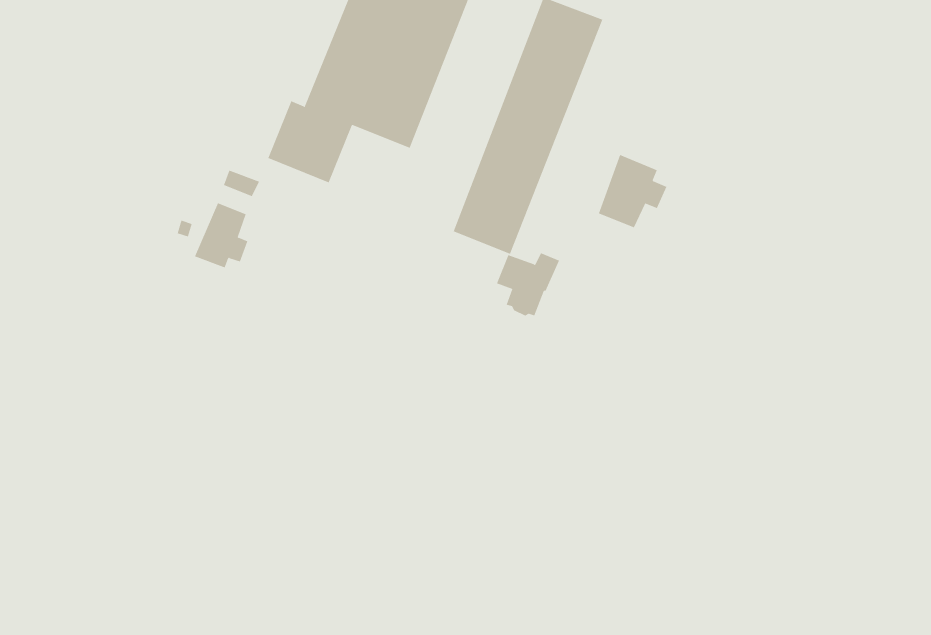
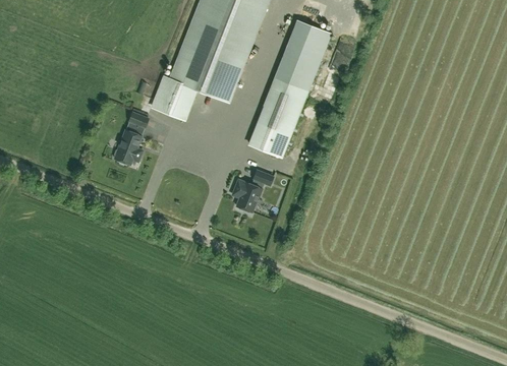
building: [598,154,667,228] -> none
building: [496,253,560,316] -> [230,178,264,211]

